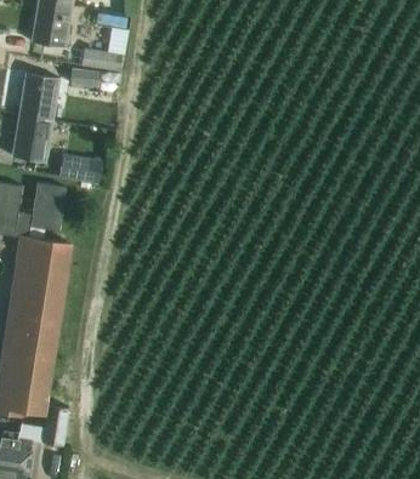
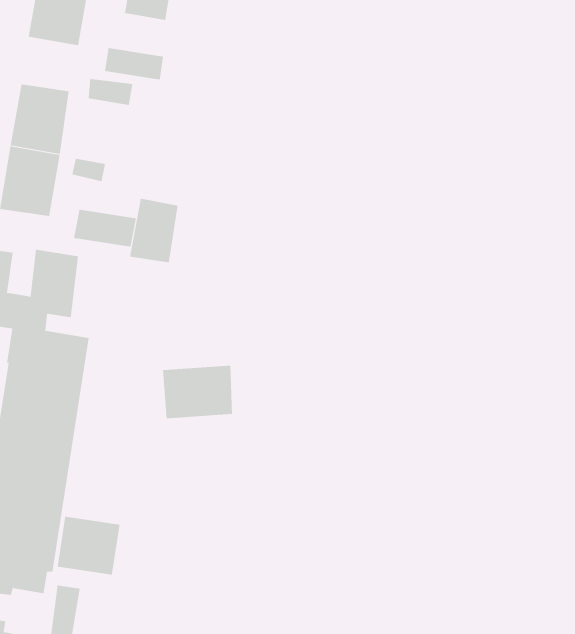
building: none -> [130,198,178,263]
building: none -> [163,365,233,419]
building: none -> [57,516,120,576]

